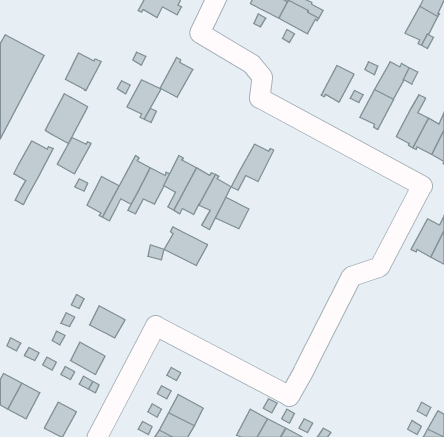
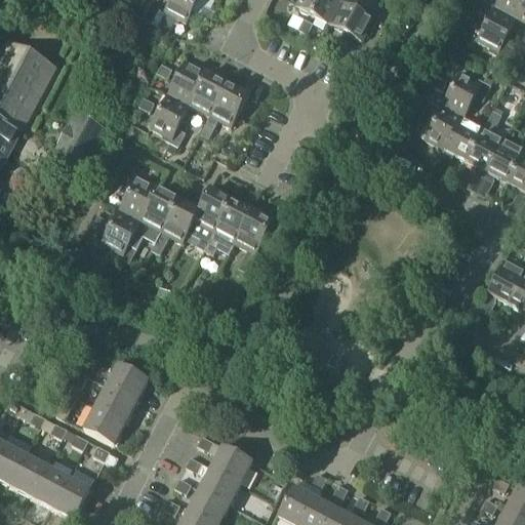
building: none -> [167,59,208,105]
building: [66,53,101,91] -> none
building: [321,66,354,102] -> [446,118,485,161]
building: [57,137,91,174] -> [120,176,160,219]
building: [14,141,53,205] -> none
building: [231,144,274,190] -> [200,82,250,136]
building: [215,197,249,229] -> none
building: [164,227,207,266] -> none
building: none -> [94,383,135,420]
building: none -> [210,443,252,482]
building: none -> [31,463,69,506]

